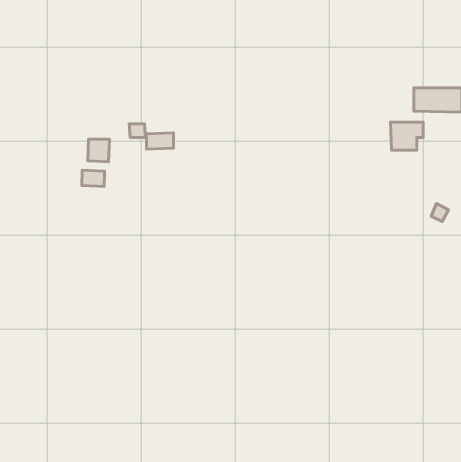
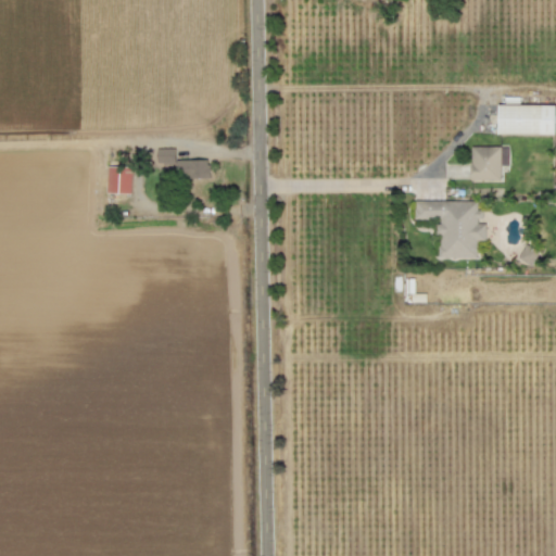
building: none -> [415,201,486,258]
building: [82,170,104,187] -> none

